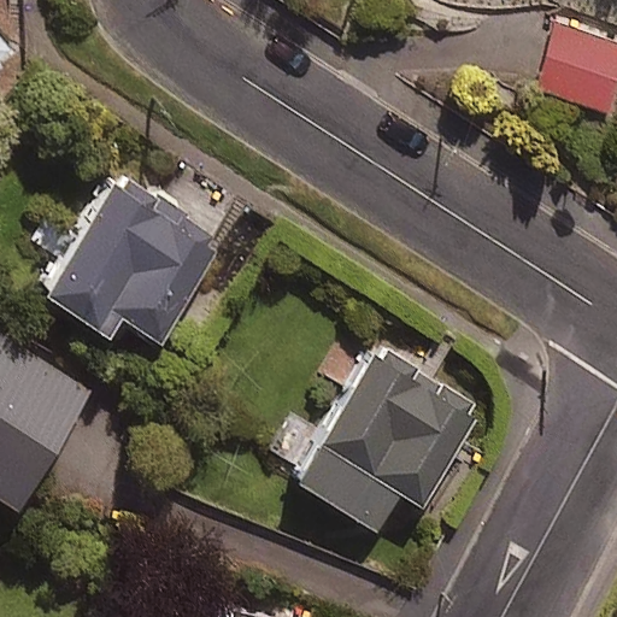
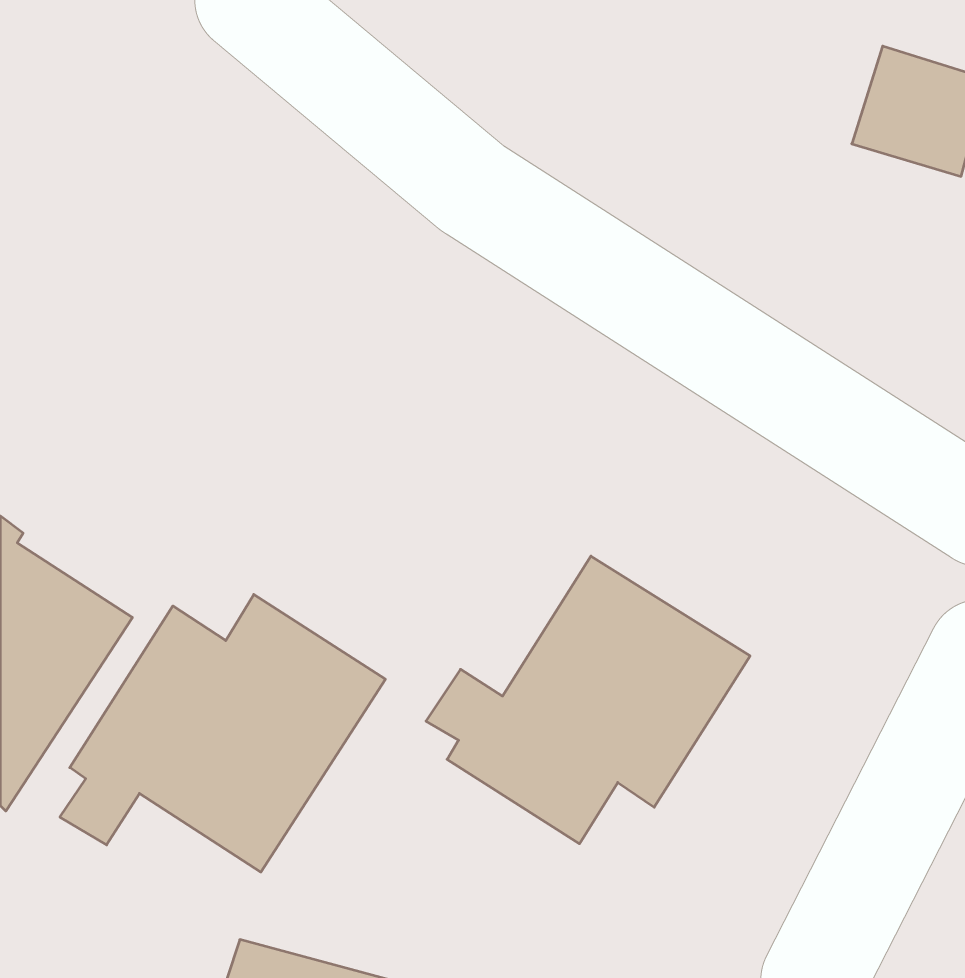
building: [39,177,223,347] -> none
building: none -> [60,594,385,872]

